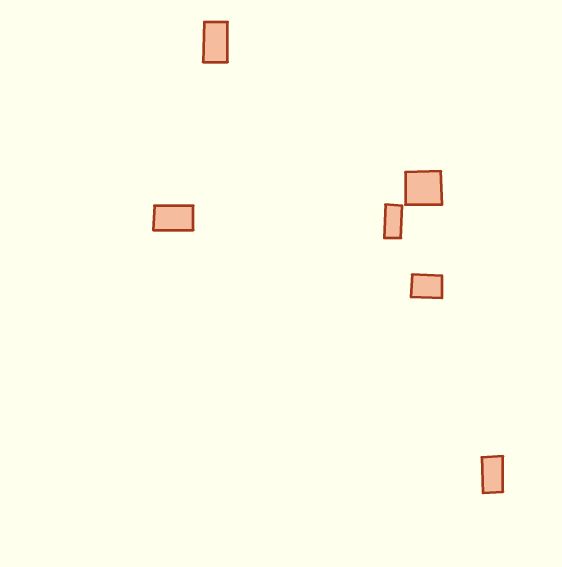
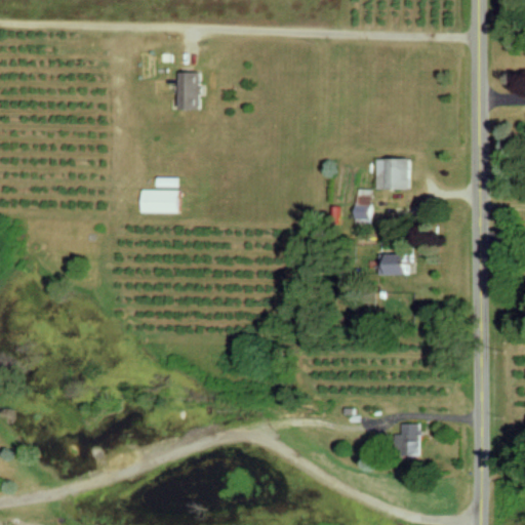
building: [203,22,228,62] -> [178,73,201,110]
building: [482,456,503,493] -> [398,423,417,457]

